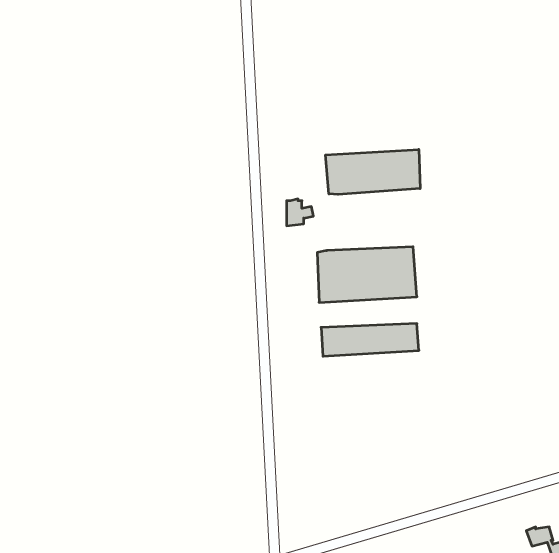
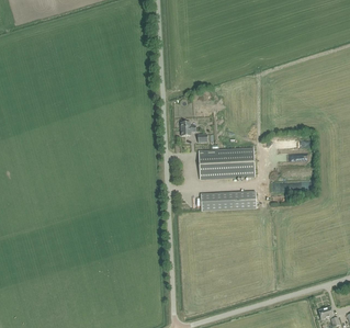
building: [326,149,420,194] -> none

